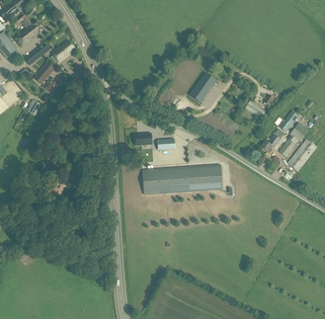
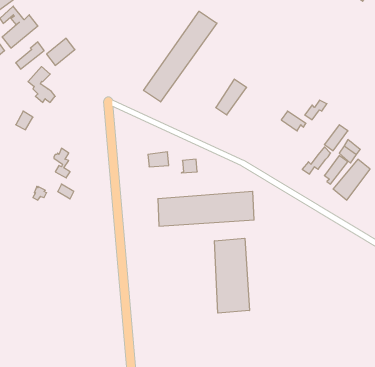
building: none -> [144,11,217,102]
building: none -> [215,238,249,313]

